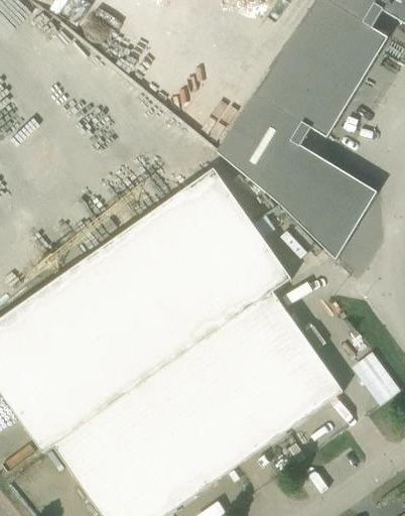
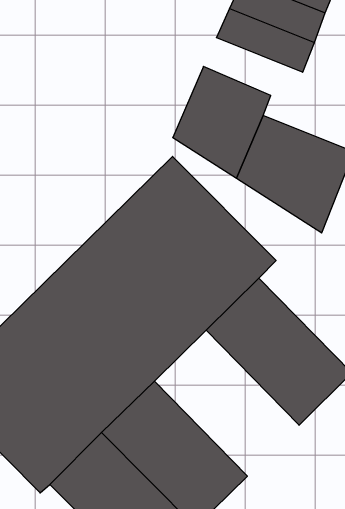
building: [255,67,344,137] -> none
building: [163,330,287,468] -> none

